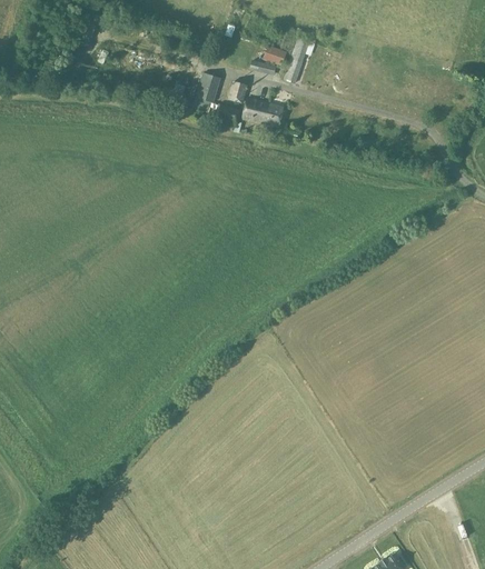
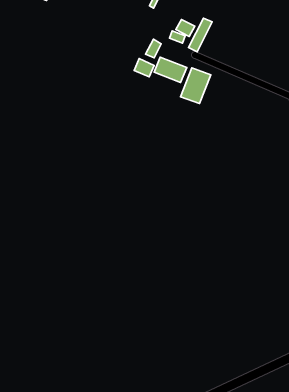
building: [197,72,221,103] -> none
building: none -> [181,68,211,104]

